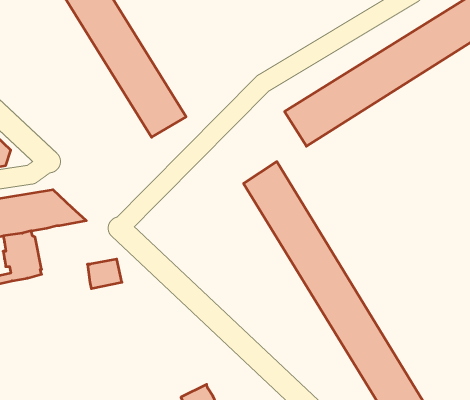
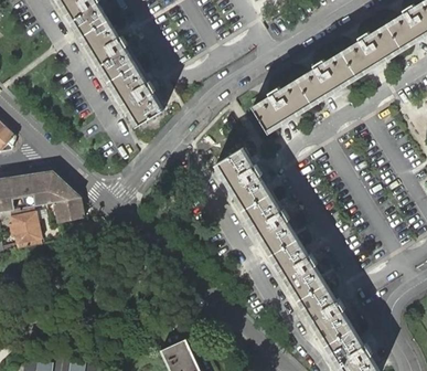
building: [87,259,122,289] -> [54,198,84,223]

